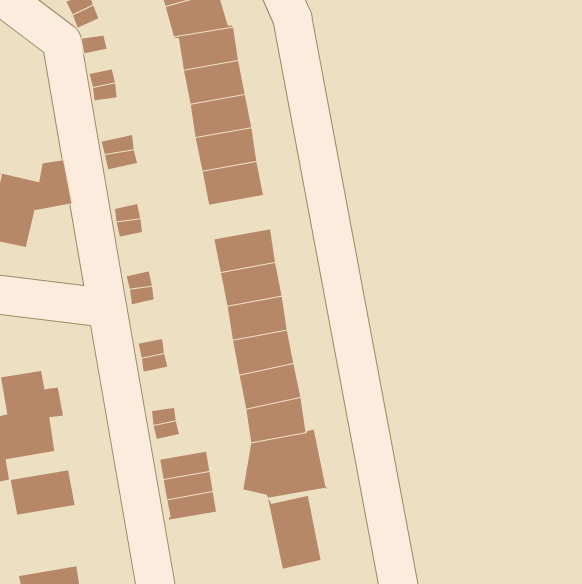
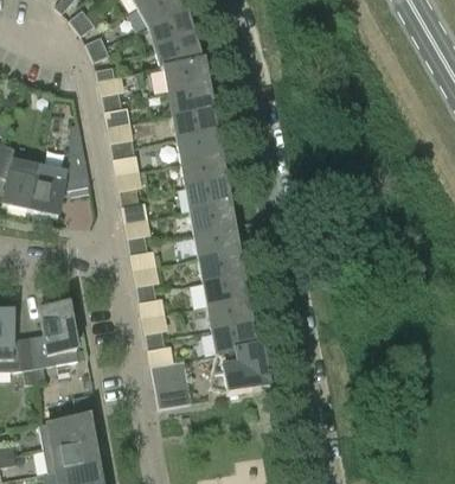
building: none -> [186,178,230,209]
building: [10,470,75,515] -> [47,414,94,446]
building: [267,495,321,569] -> none

